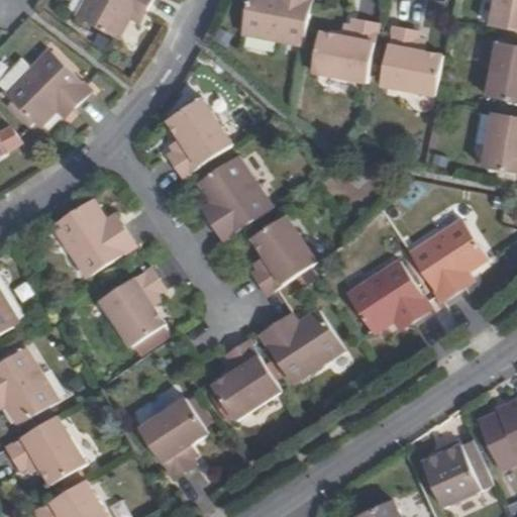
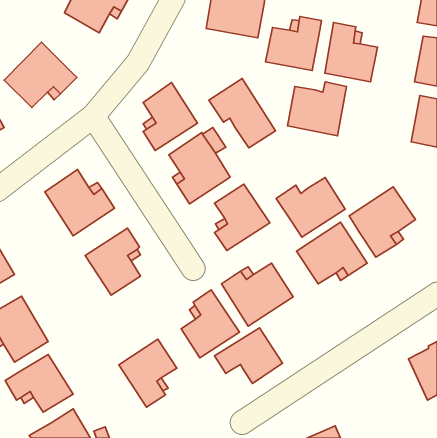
building: none -> [209,79,275,148]
building: none -> [287,82,346,136]
building: none -> [276,178,345,237]
building: none -> [214,328,283,383]
building: [425,434,490,506] -> none

